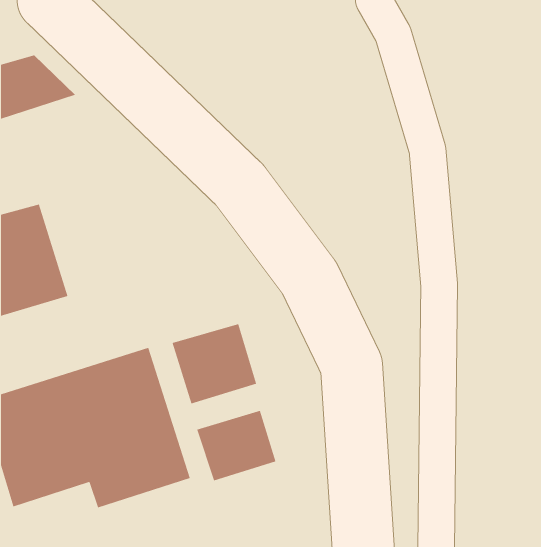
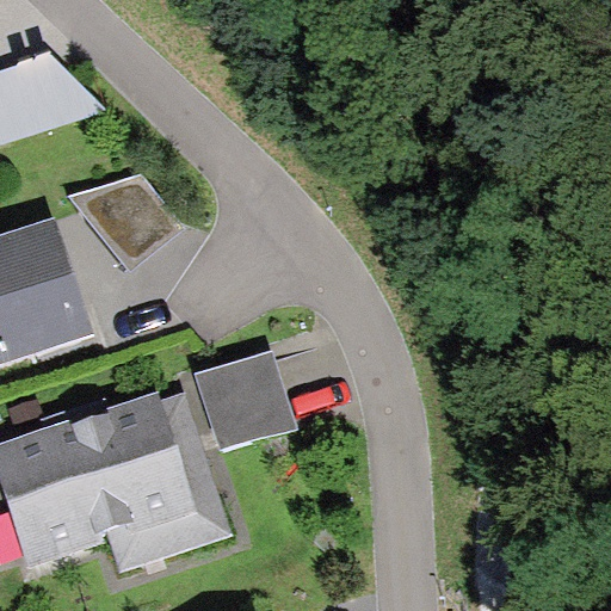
building: none -> [72,181,183,264]
building: [196,410,277,482] -> none

